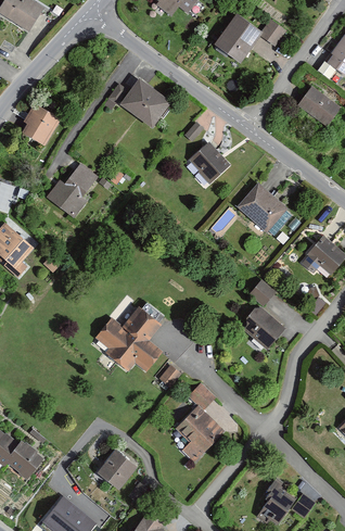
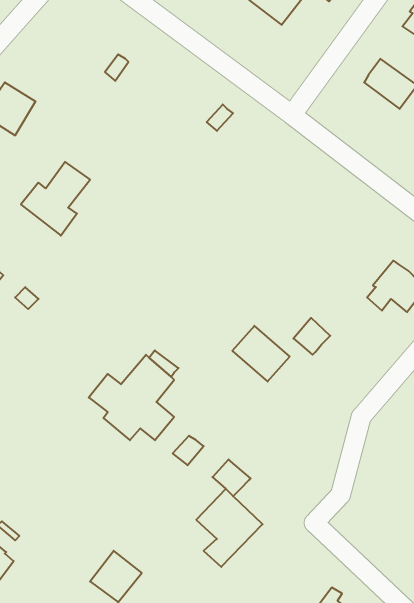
building: [122,79,169,126] -> none
building: [190,143,228,181] -> none
building: [237,184,285,232] -> none
building: [241,305,283,346] -> [232,326,290,382]

